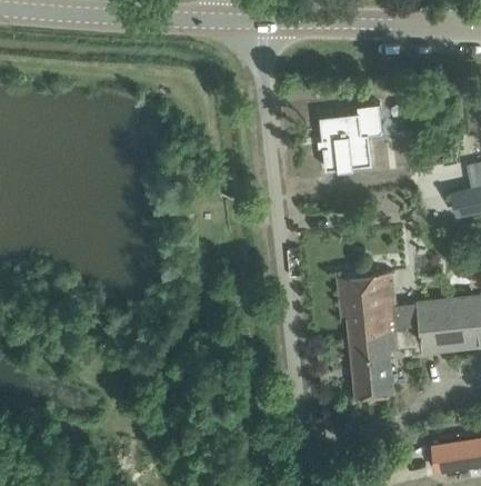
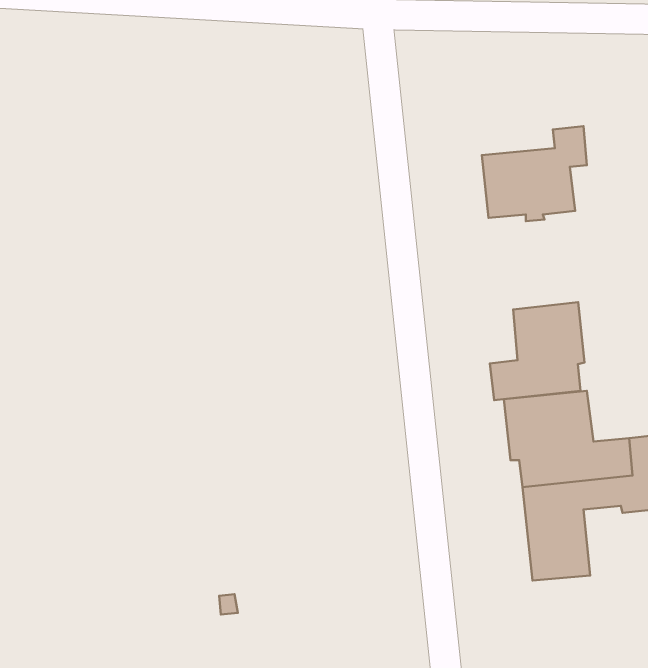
building: none -> [490,302,584,400]

